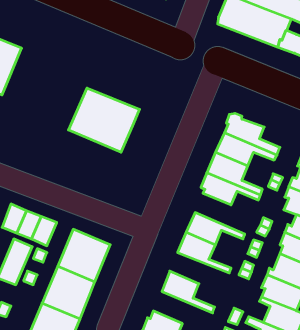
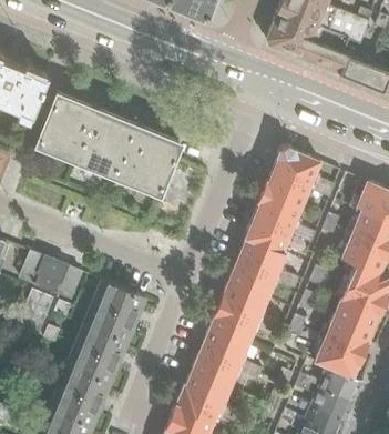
building: none -> [37,97,117,169]
building: none -> [240,241,300,287]
building: none -> [212,309,279,344]
building: none -> [193,353,260,390]

